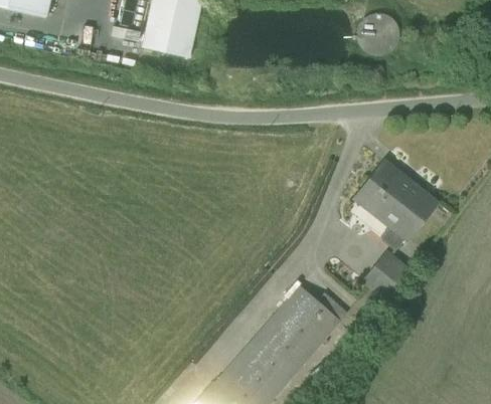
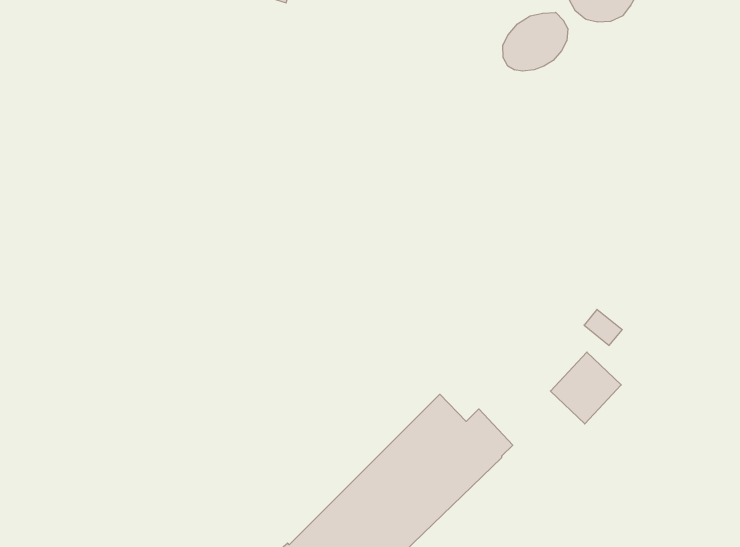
building: none -> [503,12,568,71]
building: [356,163,434,236] -> none

